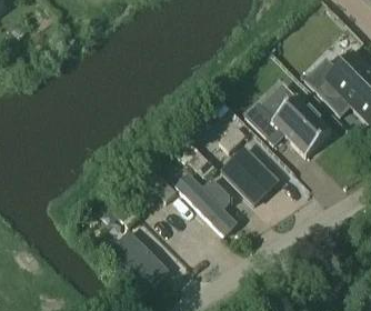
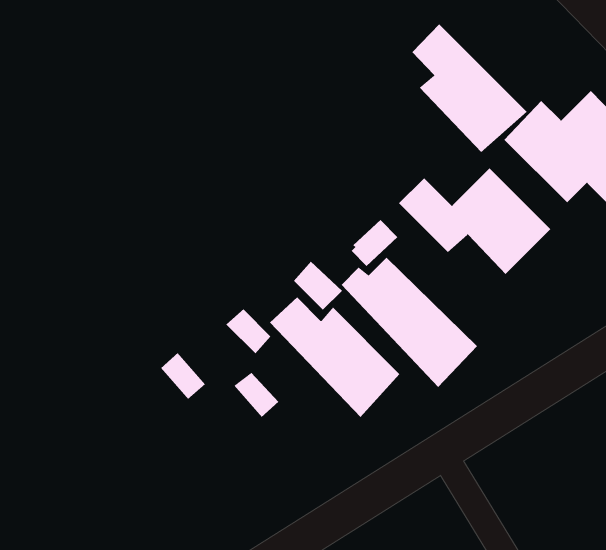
building: none -> [412,24,528,153]
building: [106,225,169,288] -> none

